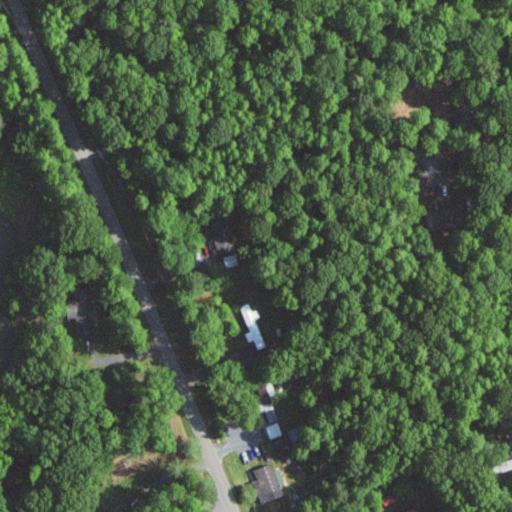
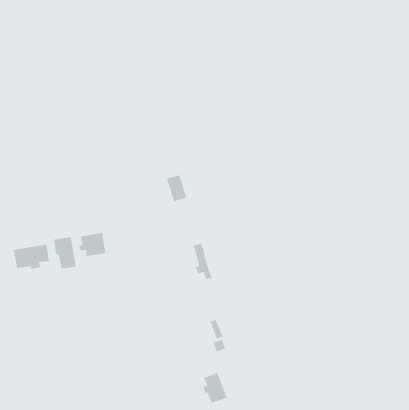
building: none -> [79,232,106,257]
building: none -> [13,244,49,270]

